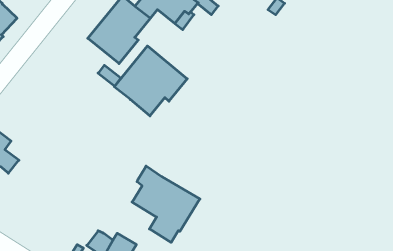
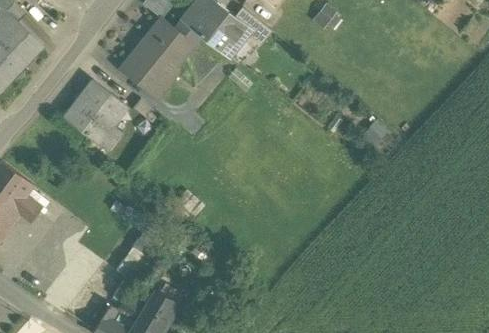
building: [114,46,187,116] -> none
building: none -> [64,79,126,143]
building: [132,166,200,242] -> none

